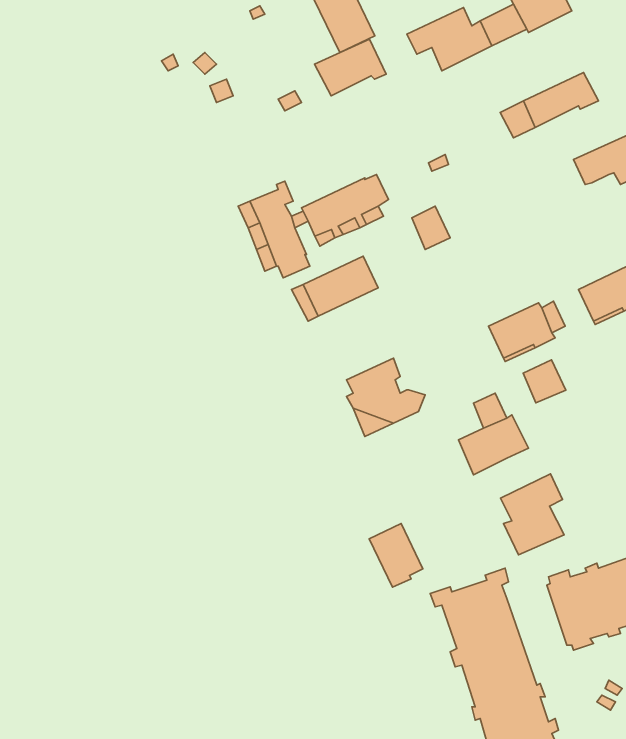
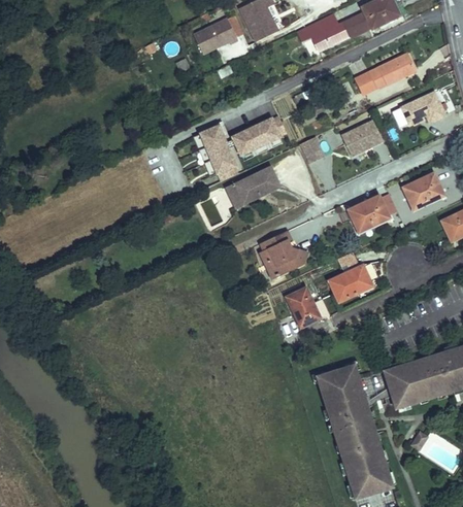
building: [314,39,386,96] -> [193,19,237,54]
building: none -> [341,121,383,157]
building: [523,360,566,403] -> none
building: [500,474,564,555] -> none
building: [369,524,423,587] -> [286,288,319,327]

